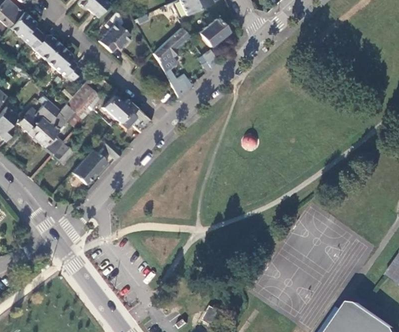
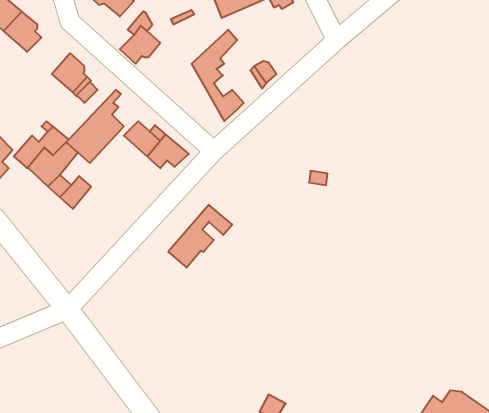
building: [199,18,226,46] -> none
building: [27,32,60,60] -> none
building: [72,136,121,184] -> [168,205,232,268]

